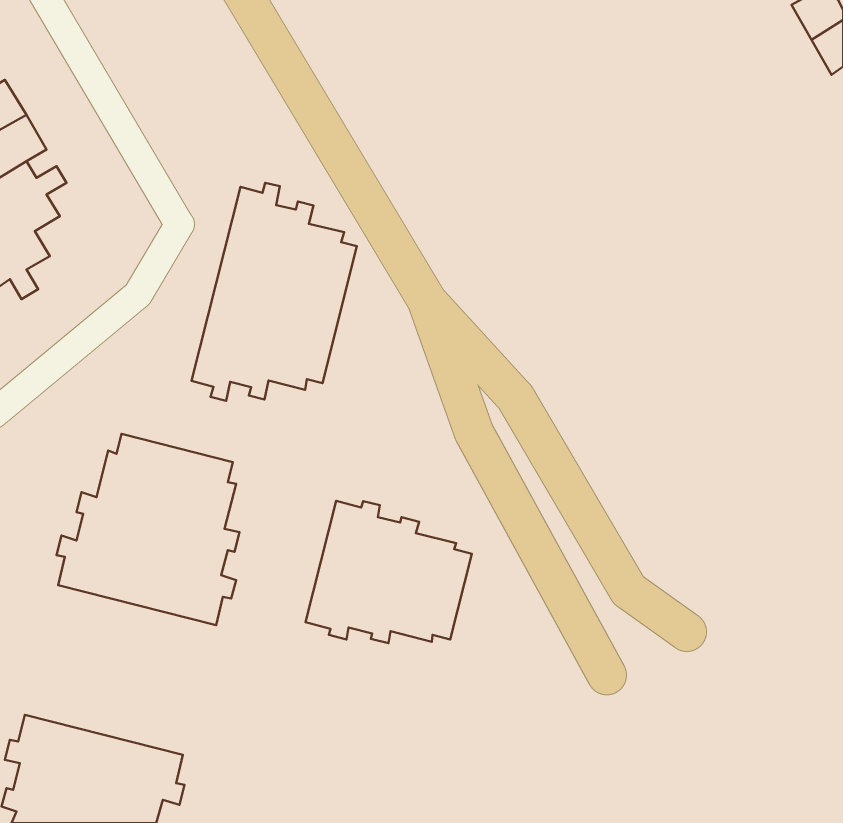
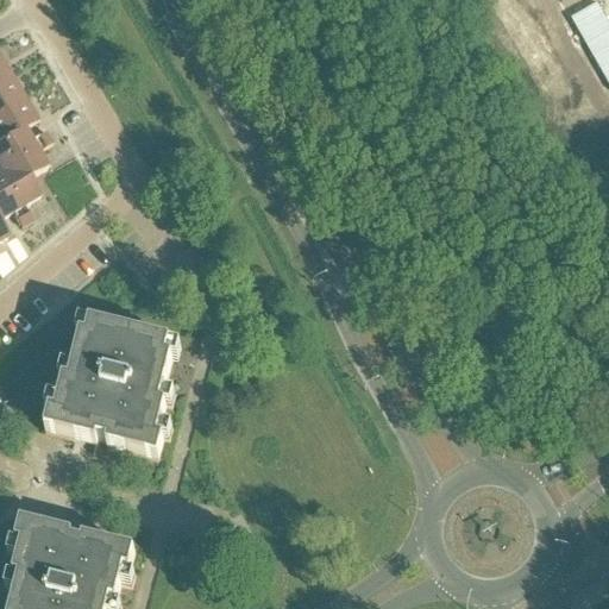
building: [191,183,357,401] -> none
building: [306,501,472,643] -> none

